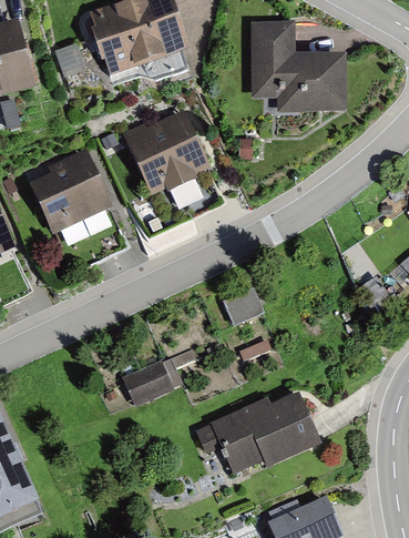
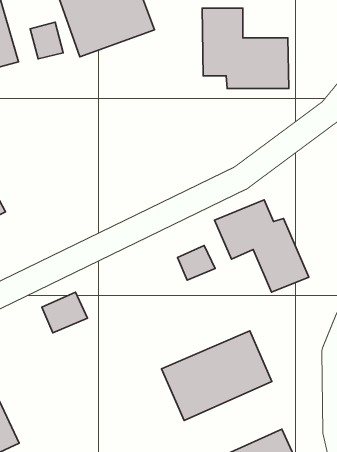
building: [121,95,225,202] -> none
building: [27,150,110,235] -> none
building: none -> [215,200,309,292]
building: [120,362,171,407] -> [42,292,88,333]

